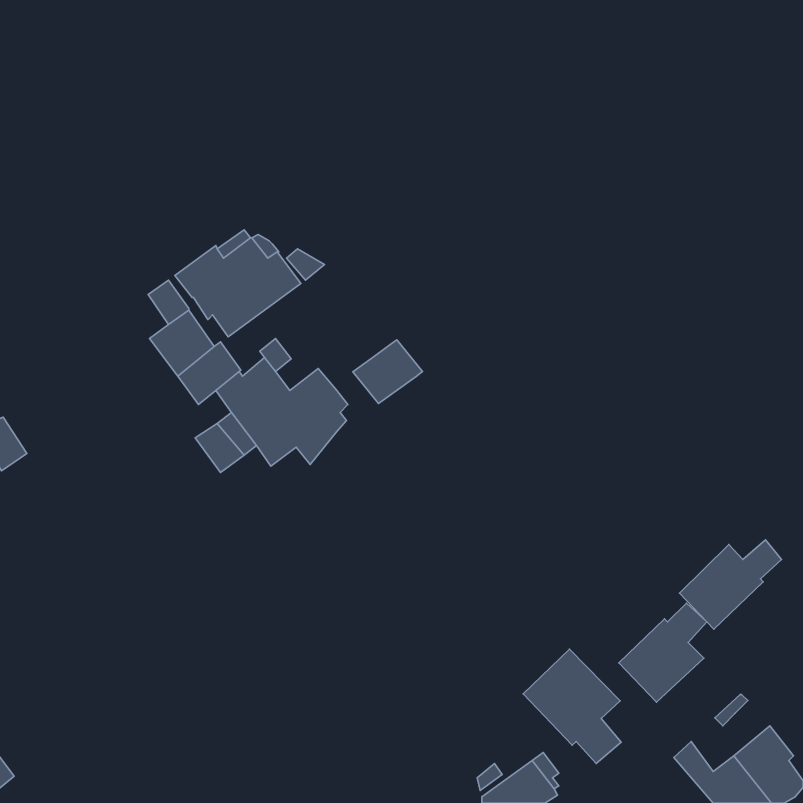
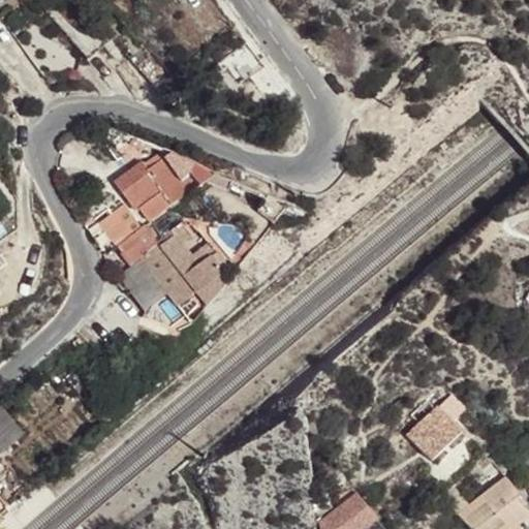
building: [353,340,422,404] -> none
building: [679,540,782,629] -> none
building: [523,649,621,764] -> none

